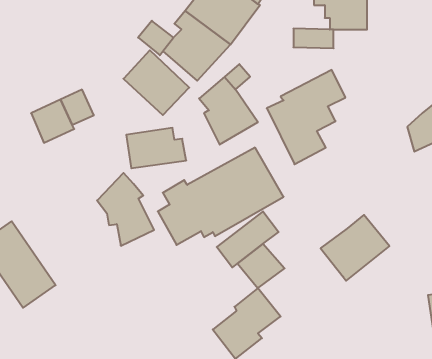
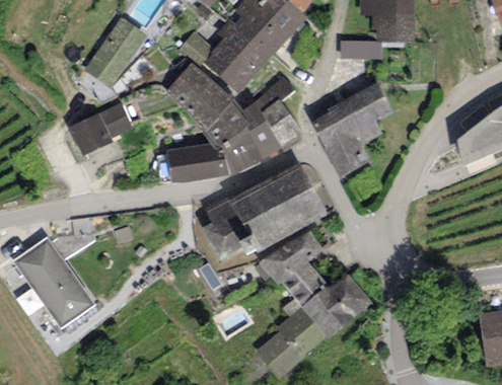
building: none -> [84,19,148,91]
building: [97,173,154,246] -> [204,100,263,175]
building: [321,215,389,281] -> [302,273,373,340]

